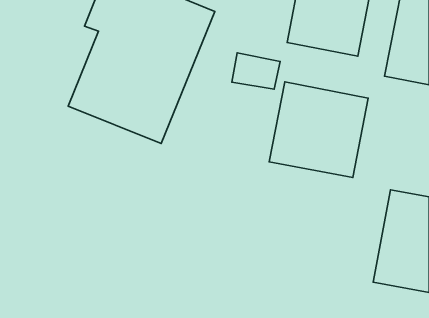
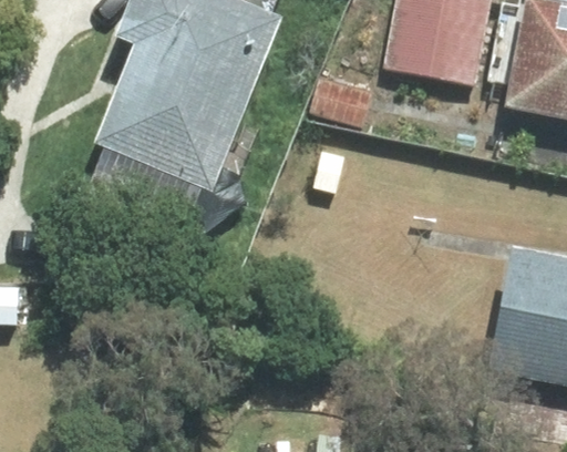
building: [269,82,368,177] -> none

